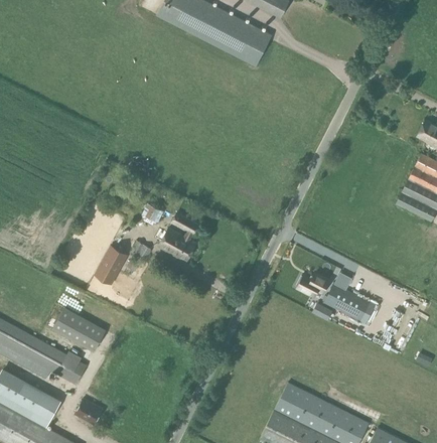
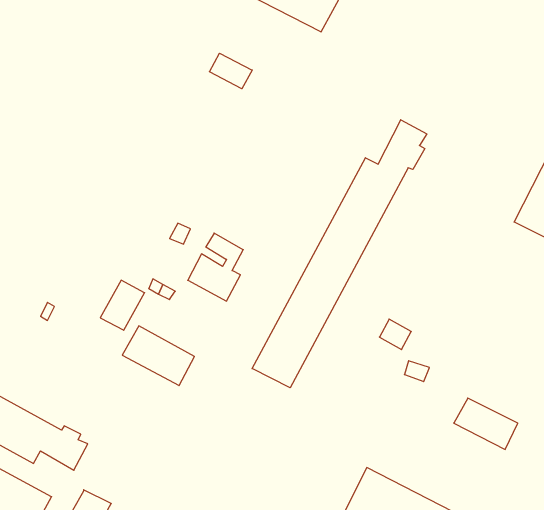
building: none -> [209,53,252,89]
building: none -> [252,120,427,388]
building: [324,284,371,321] -> [454,398,518,449]
building: [53,308,106,351] -> [122,326,194,386]

